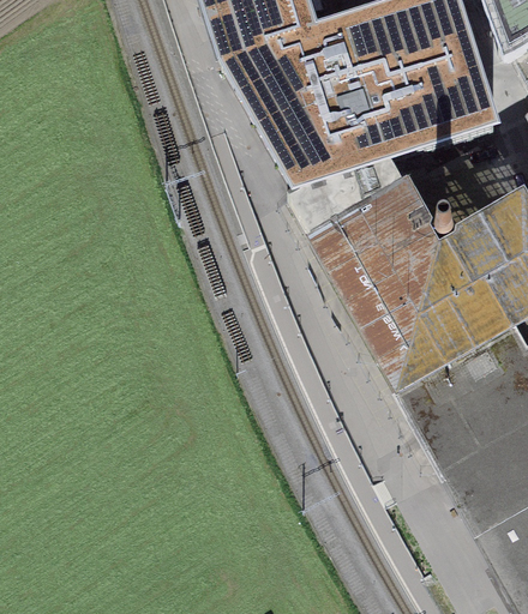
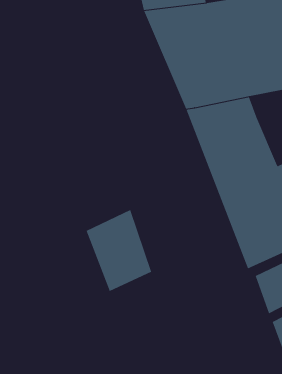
building: none -> [86,209,152,292]

